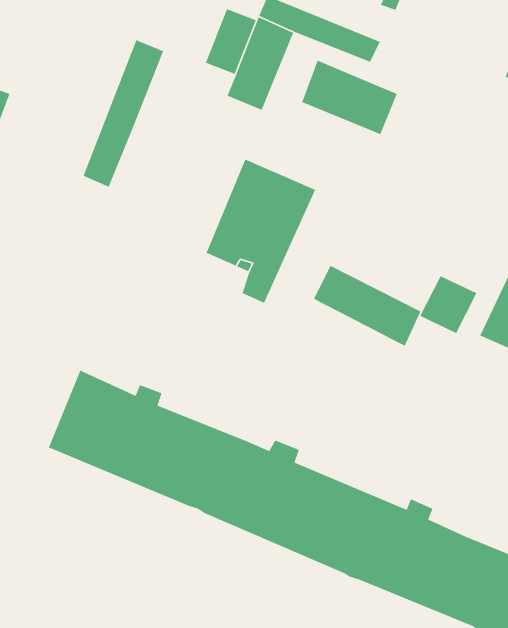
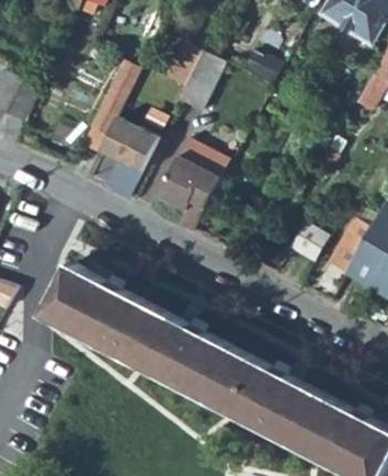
building: [301,60,398,135] -> none
building: none -> [100,114,160,196]
building: [313,265,421,347] -> none

